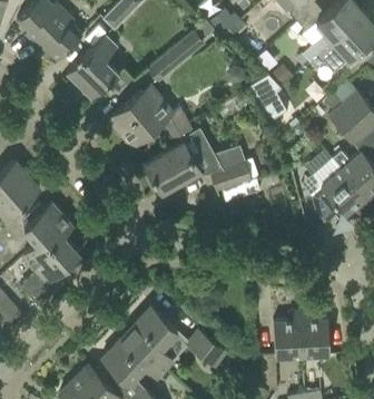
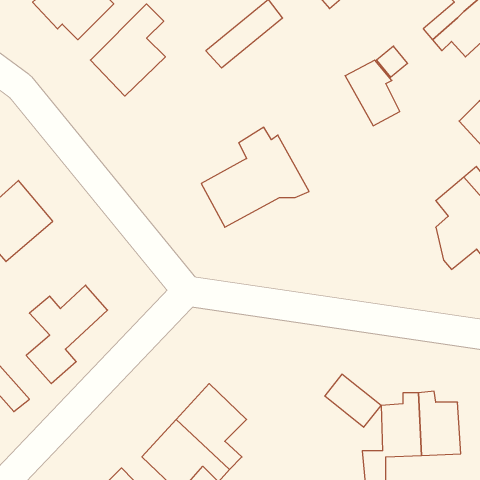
building: [108,84,189,146] -> none
building: [211,160,252,191] -> none
building: [21,203,72,252] -> none
building: [186,329,226,367] -> [325,374,381,427]

